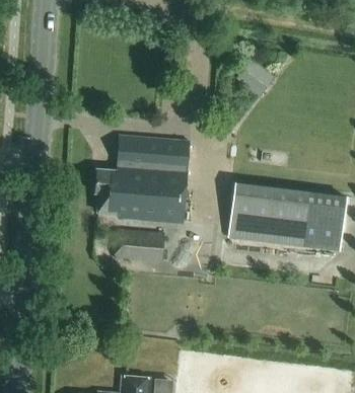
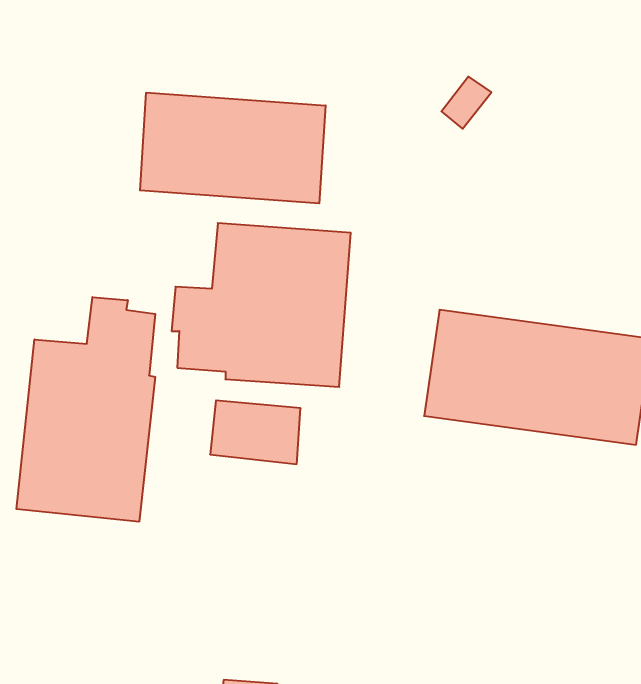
building: none -> [140,93,326,203]
building: none -> [16,297,155,522]

